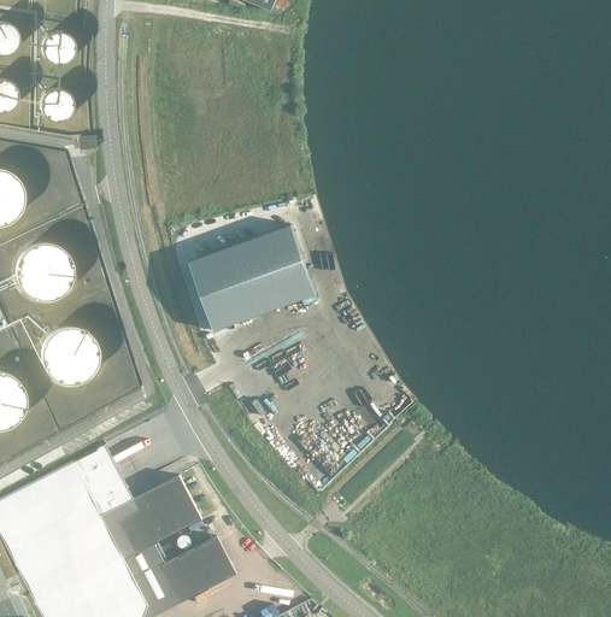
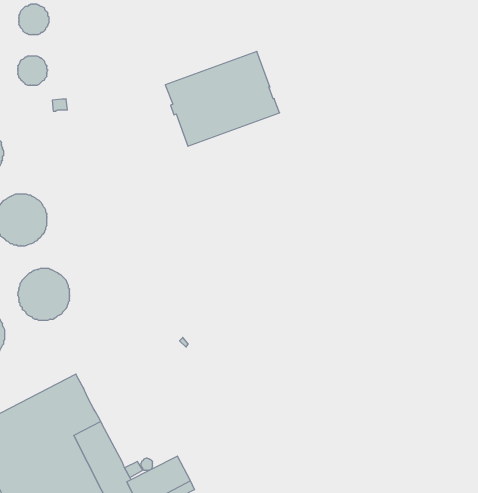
building: [187,225,315,331] -> [165,51,280,146]
building: [131,476,200,543] -> none

